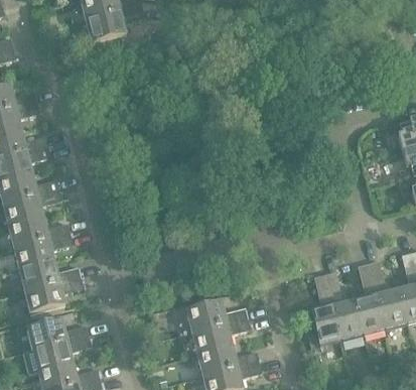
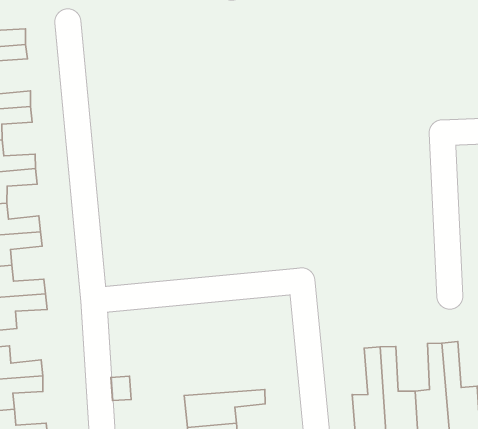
building: [184,300,247,332] -> none

